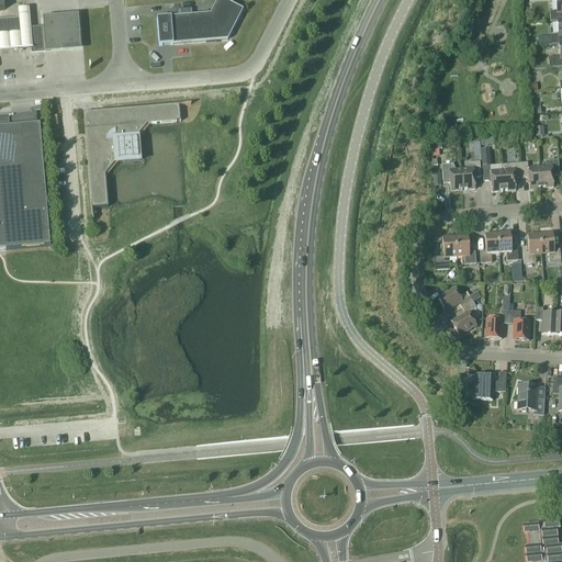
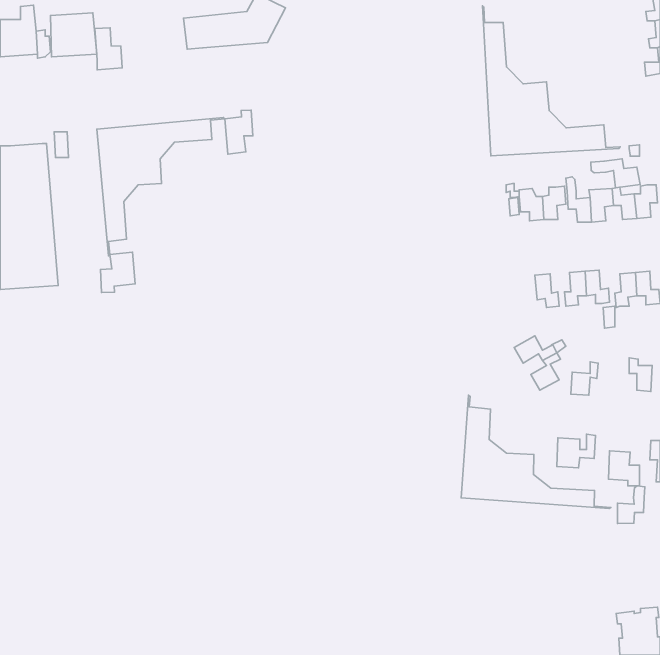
building: none -> [482,6,620,156]
building: none -> [95,28,122,70]
building: none -> [225,110,253,154]
building: none -> [591,159,640,188]
building: none -> [101,252,135,293]
building: [434,234,457,267] -> none
building: [507,308,529,338] -> none
building: none -> [461,395,611,508]
building: none -> [617,486,645,524]

